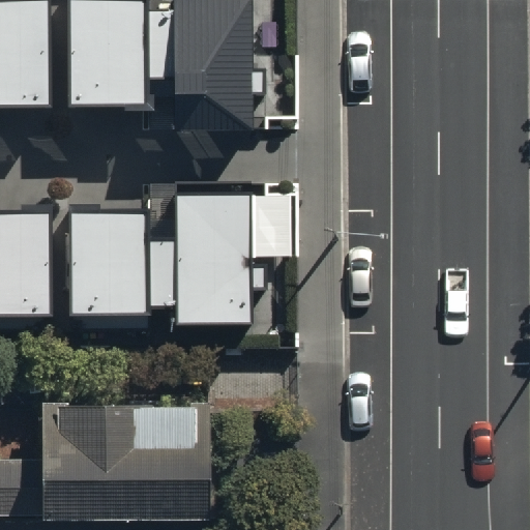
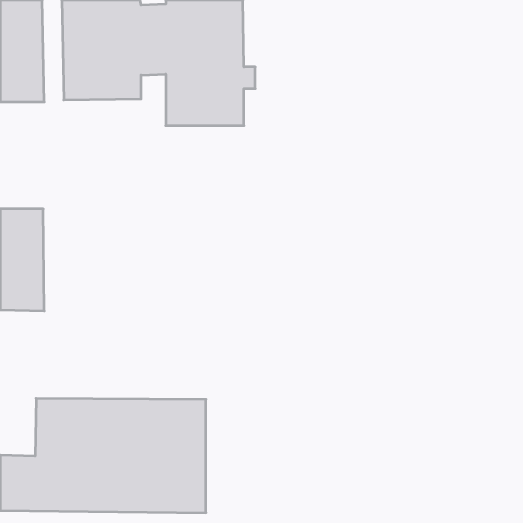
building: [68,194,262,323] -> none

